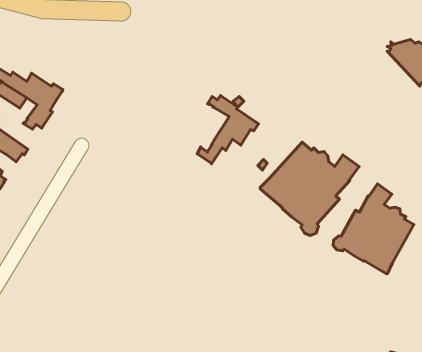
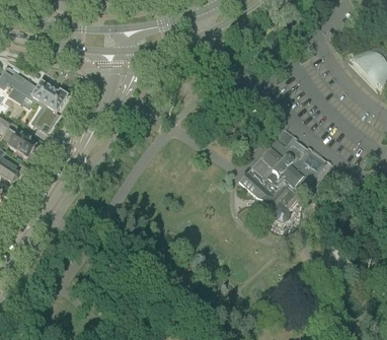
building: [197,95,258,164] -> none
building: [333,184,414,274] -> none

